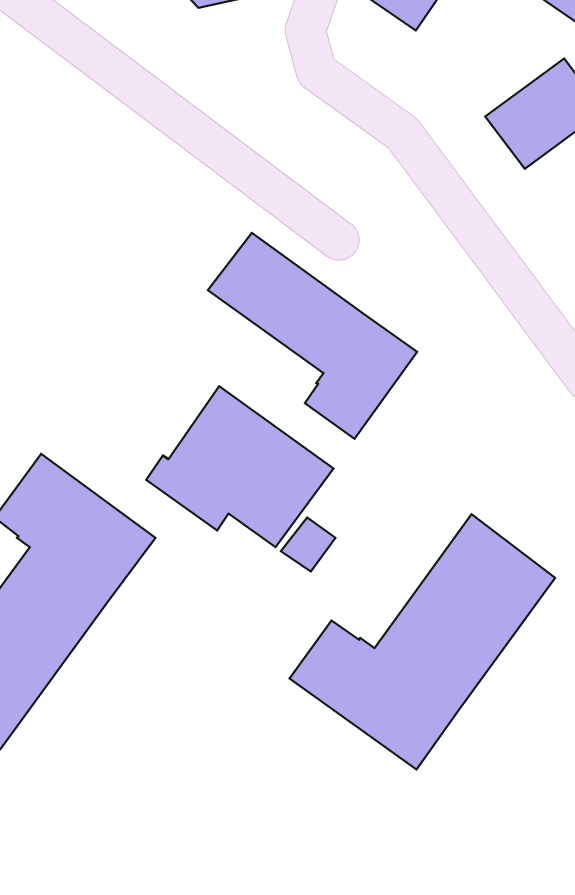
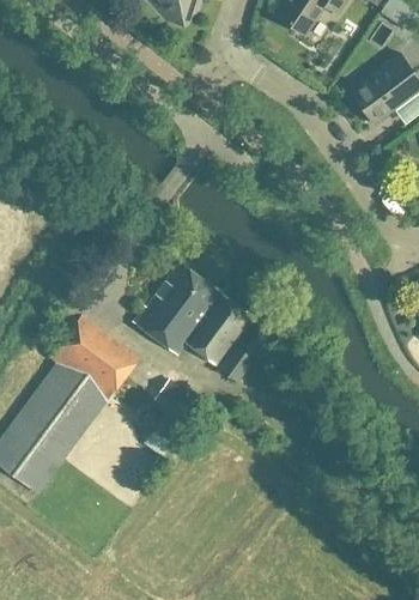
building: [208,233,417,439] -> none
building: [290,514,555,770] -> none

